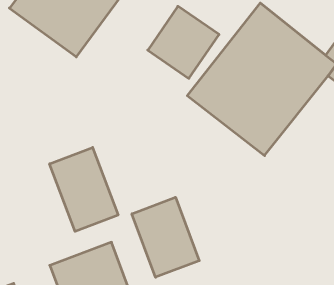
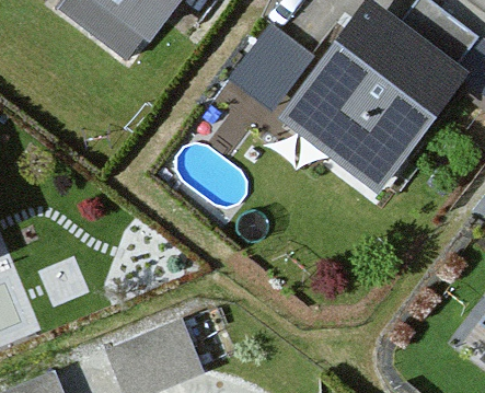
building: [50,147,118,231] -> none
building: [132,197,199,277] -> none

